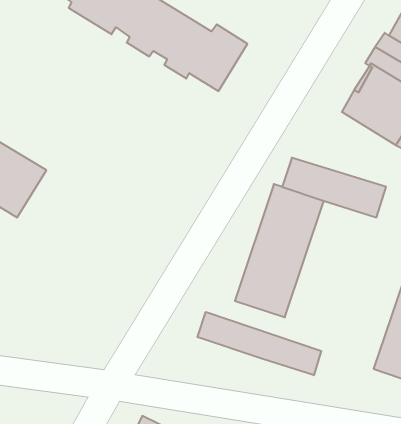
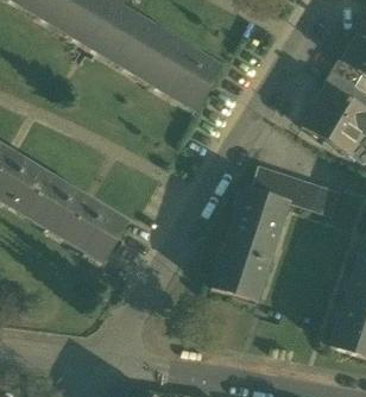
building: none -> [25,176,128,264]
building: [198,312,321,375] -> none

